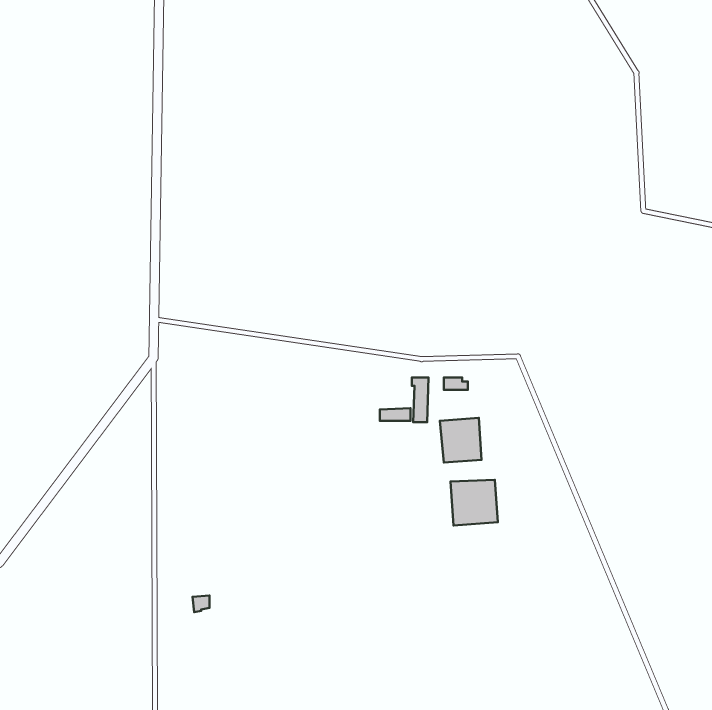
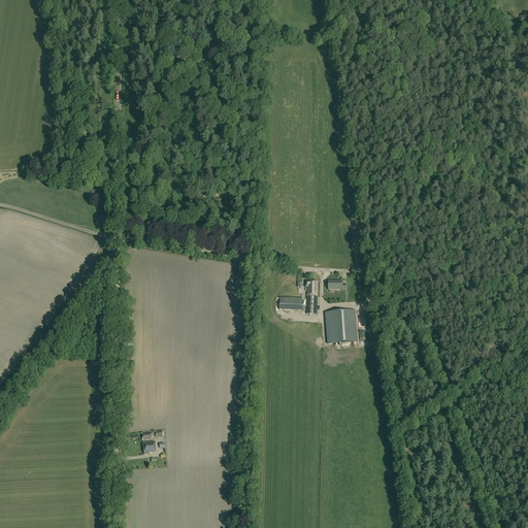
building: [450,480,498,525] -> none

